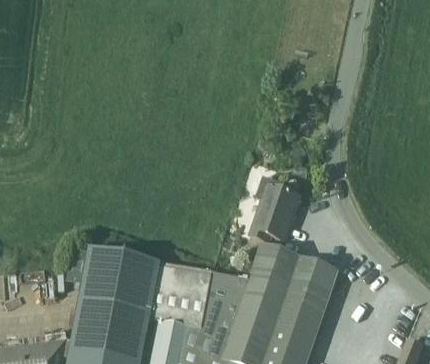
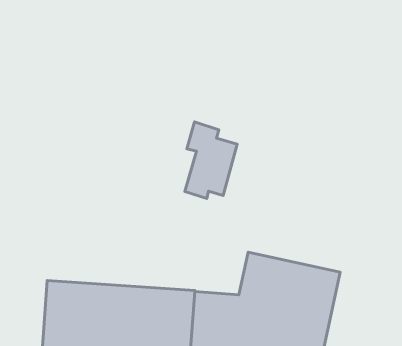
building: [249,173,298,239] -> [185,122,237,198]

